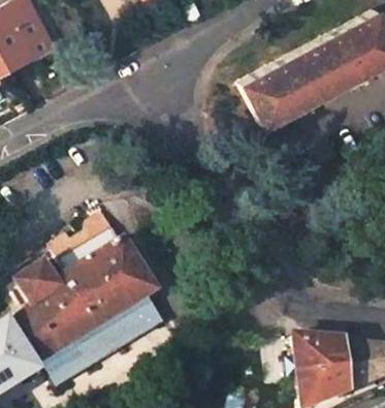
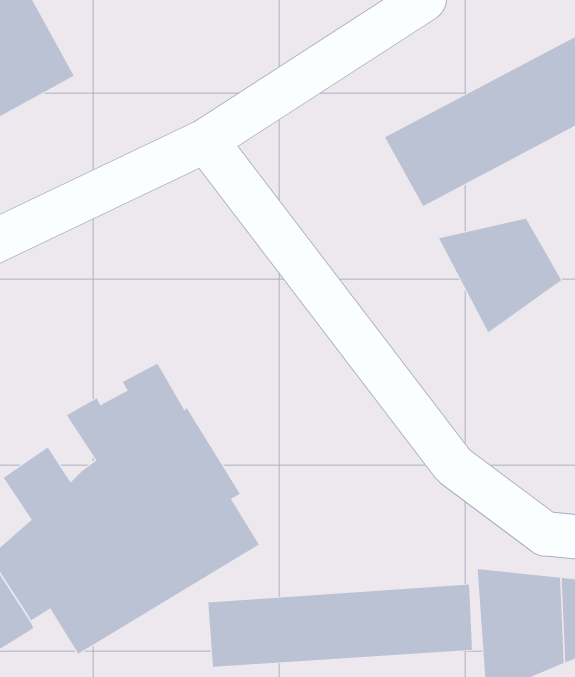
building: none -> [438,218,562,333]
building: none -> [208,584,473,668]

